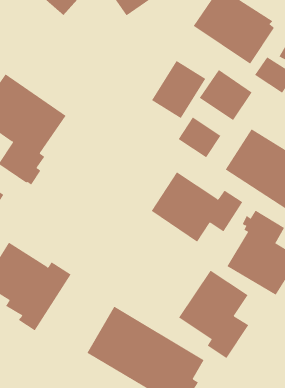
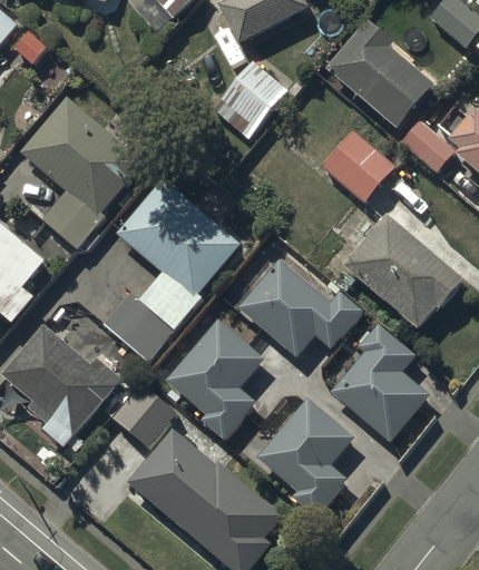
building: [151,60,206,119] -> [211,60,287,139]
building: [178,116,221,158] -> none
building: none -> [107,180,240,361]
building: none -> [165,323,262,440]
building: none -> [109,383,175,449]

